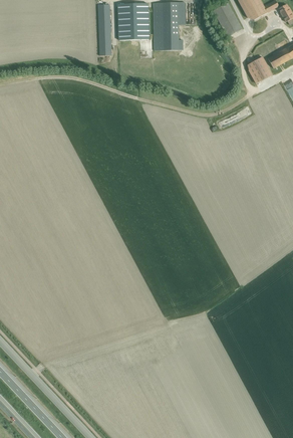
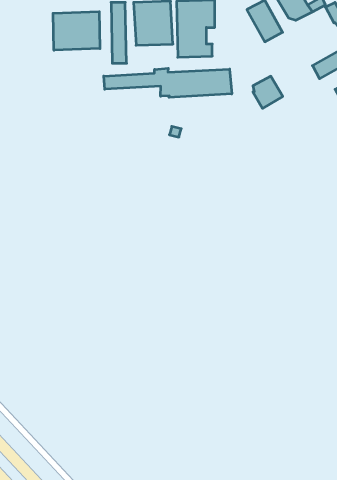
building: none -> [53,12,100,50]
building: [248,56,273,83] -> [253,76,283,108]
building: none -> [104,68,232,97]

